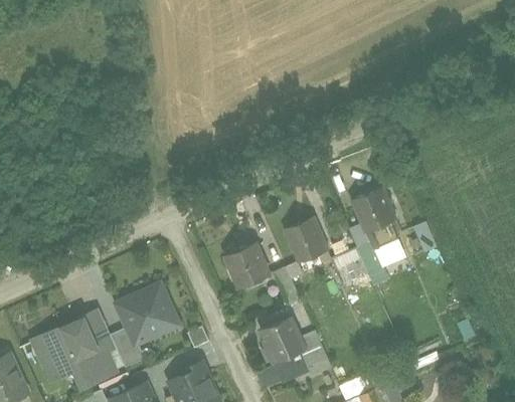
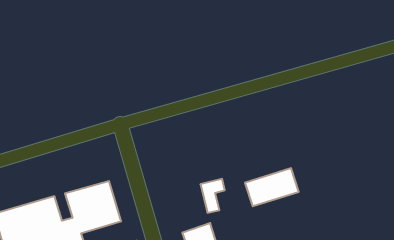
building: [355,185,401,236] -> none
building: [280,208,331,268] -> none
building: [222,241,271,289] -> none

